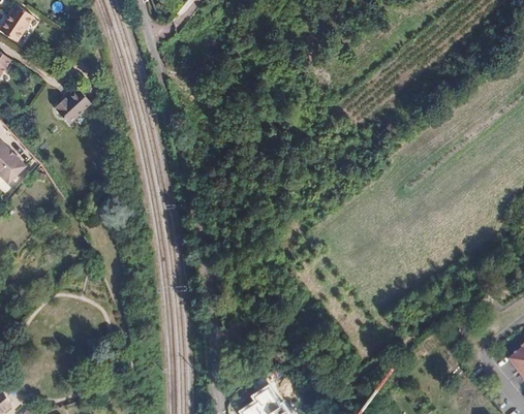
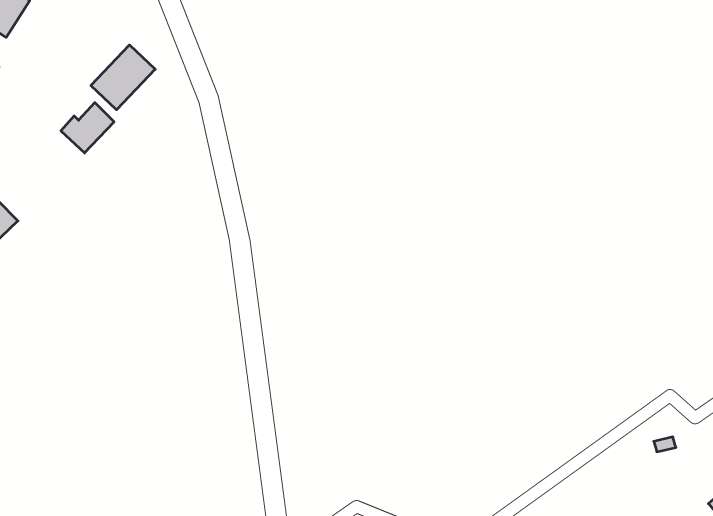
building: none -> [91,45,155,110]

